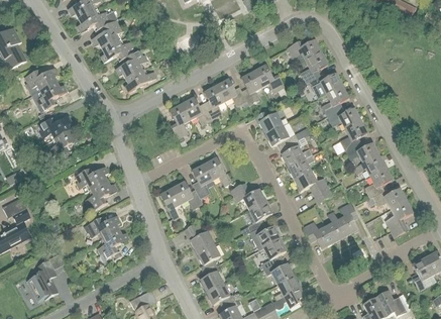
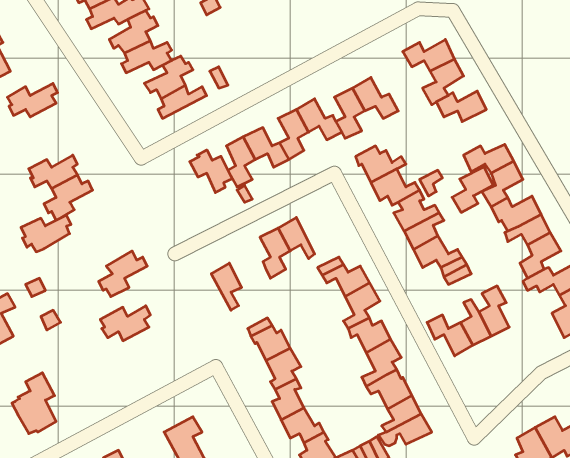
building: [34,82,67,111] -> none
building: [321,86,348,116] -> [452,167,493,212]
building: none -> [190,150,232,193]
building: [75,168,108,192] -> [21,215,71,252]
building: [172,182,202,209] -> none
building: [96,230,128,259] -> none

